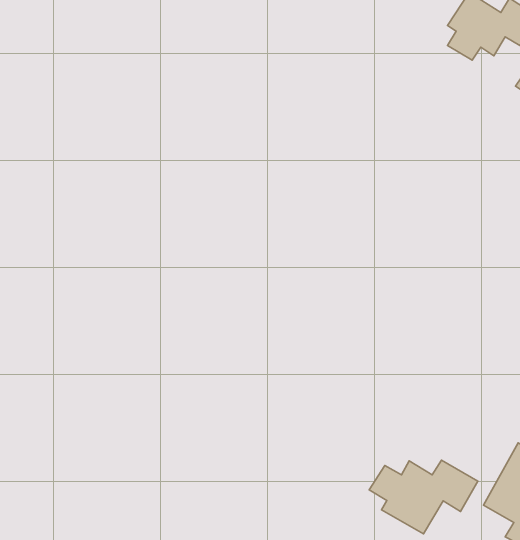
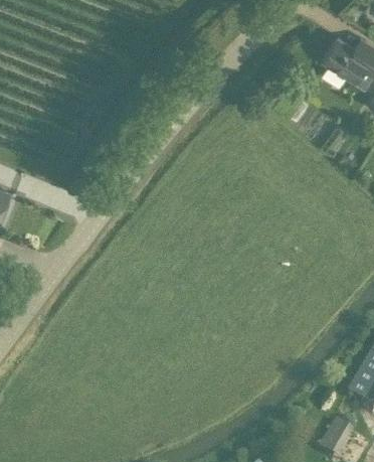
building: [369,460,478,534] -> none

